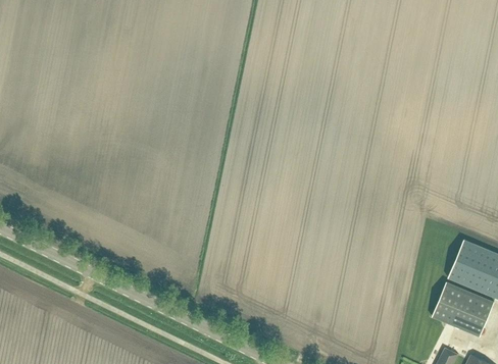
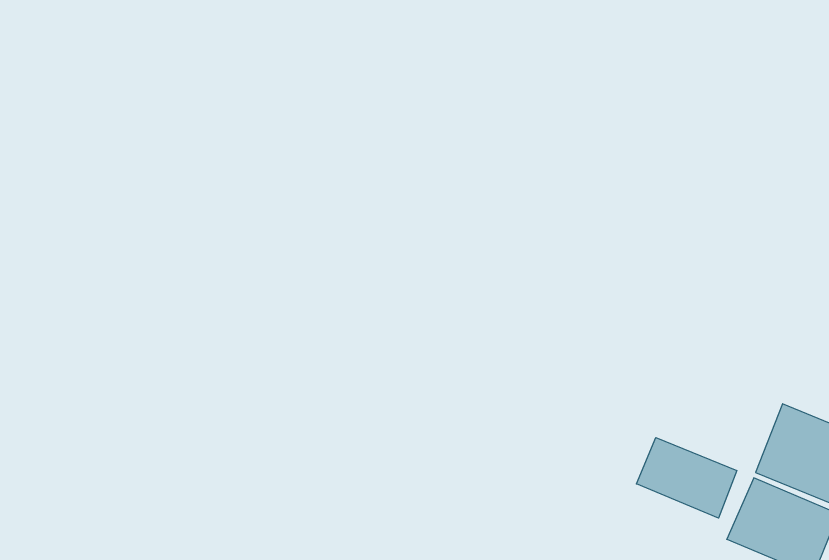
building: none -> [636,438,737,518]

